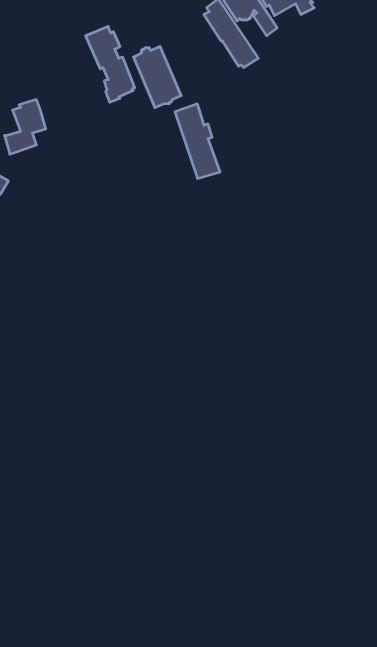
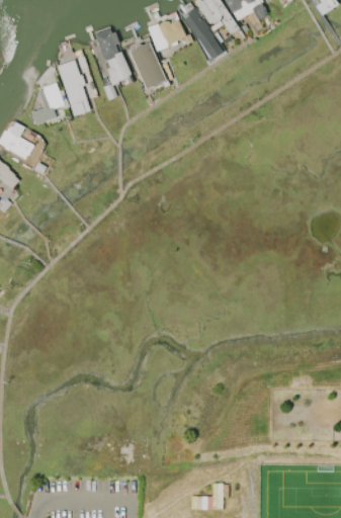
building: none -> [148,18,186,51]
building: [175,104,220,178] -> [57,59,91,115]

